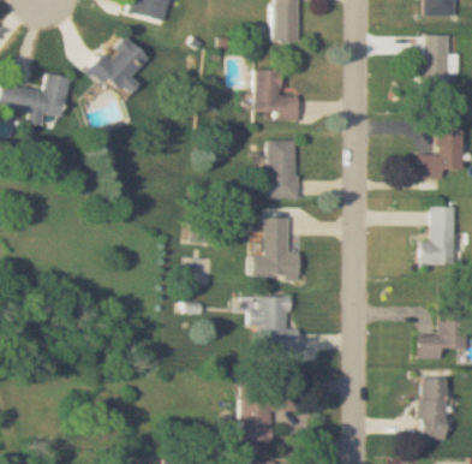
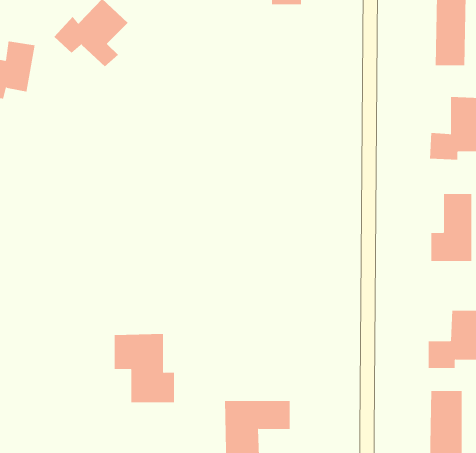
building: [261,70,305,119] -> none
building: [274,139,297,198] -> none
building: [261,218,298,279] -> none
building: [245,295,298,355] -> [114,333,175,403]

